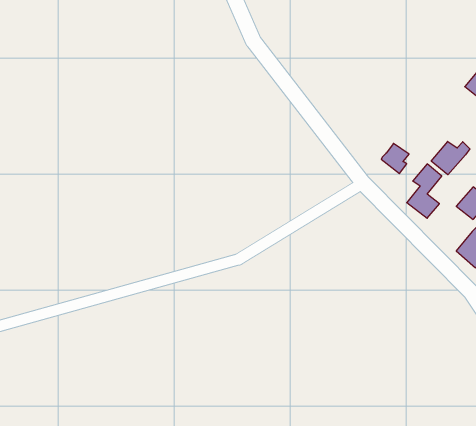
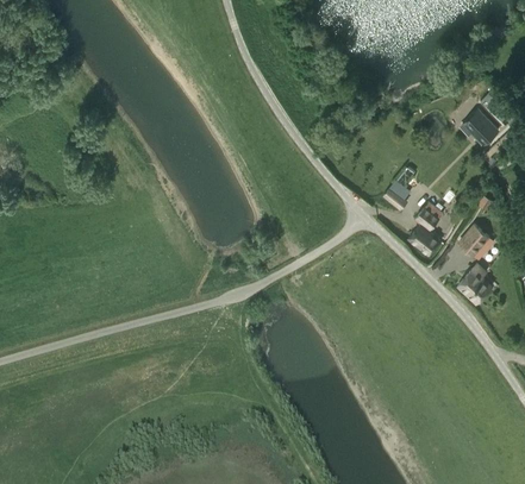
building: [431,141,470,175] -> none

